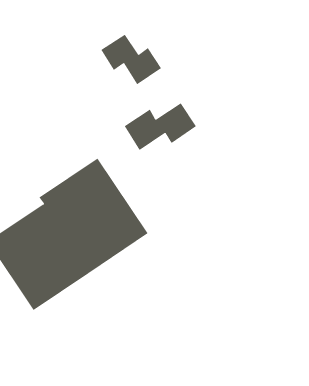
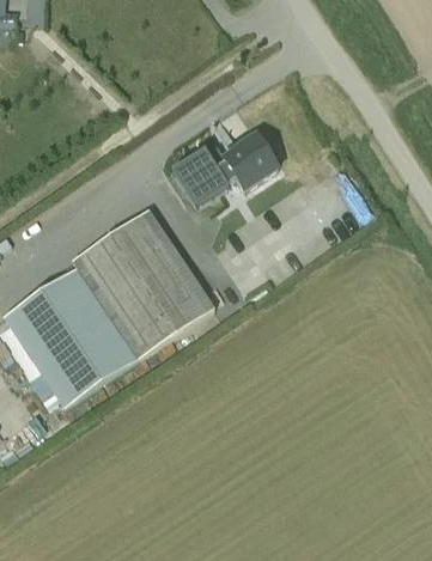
building: [101,34,162,85] -> none

